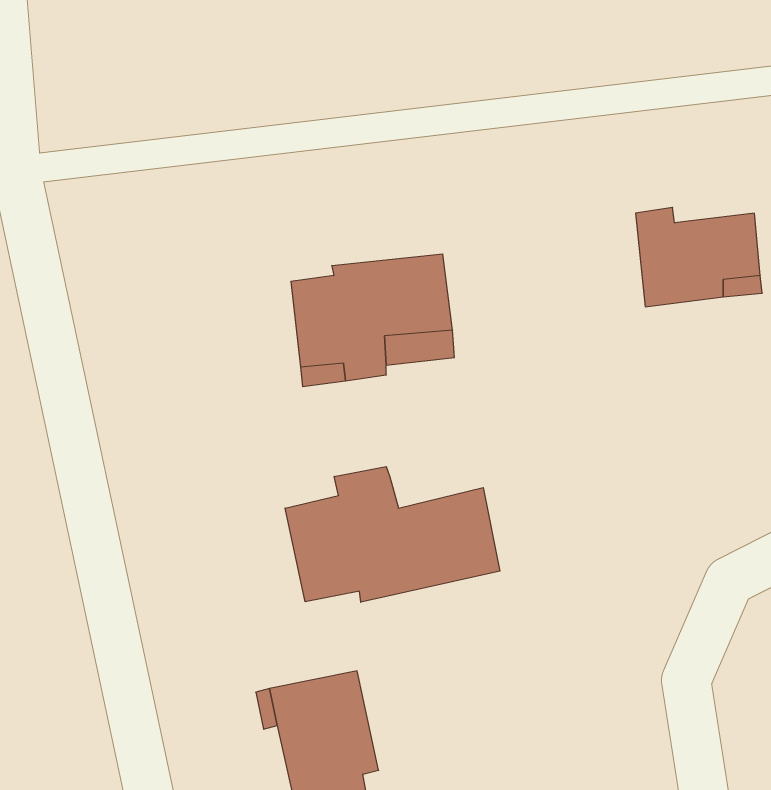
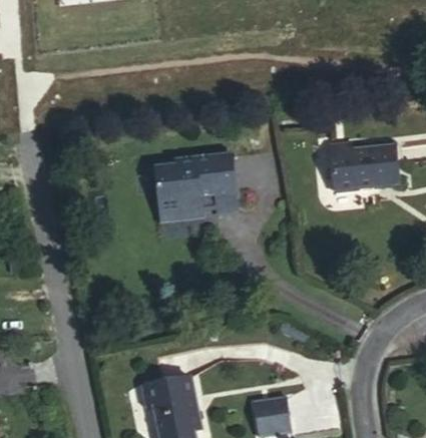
building: [285,467,500,602] -> none
building: none -> [250,391,290,433]

